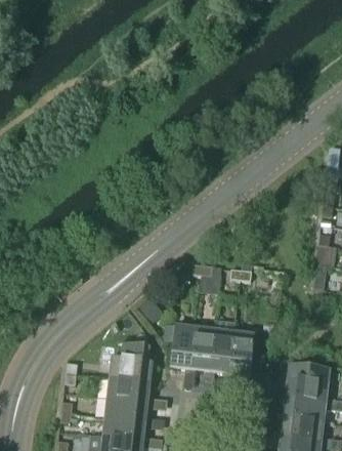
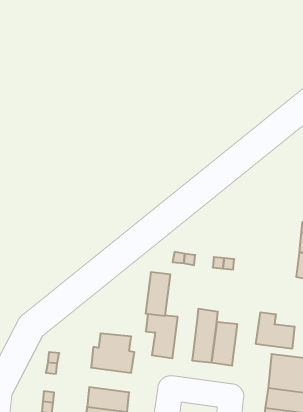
building: none -> [256,312,294,349]
building: [190,327,215,370] -> [146,272,170,316]
building: [108,377,149,402] -> none

